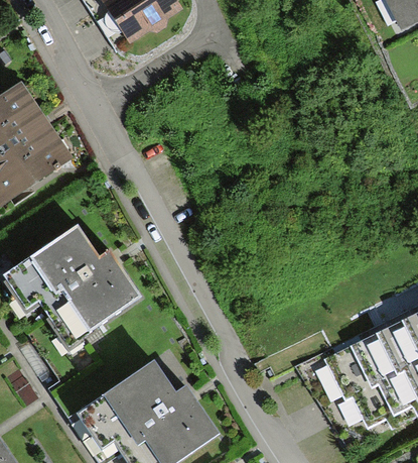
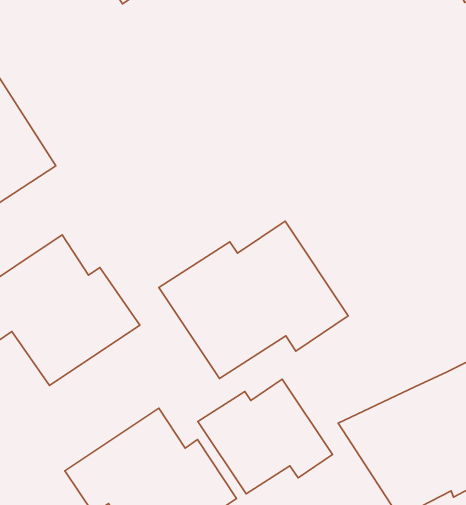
building: none -> [159,221,348,378]
building: none -> [198,379,332,494]

